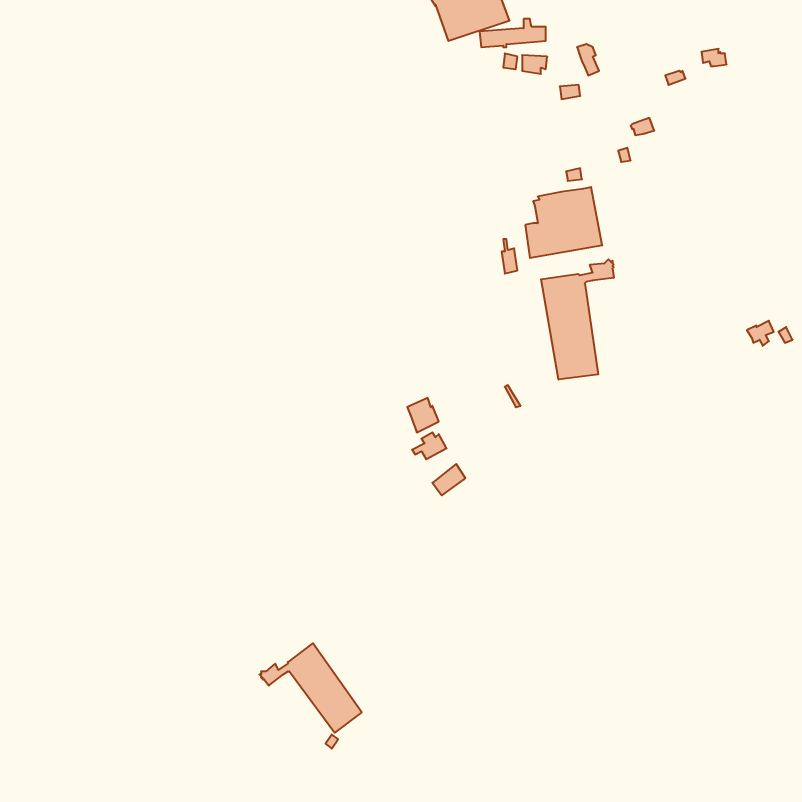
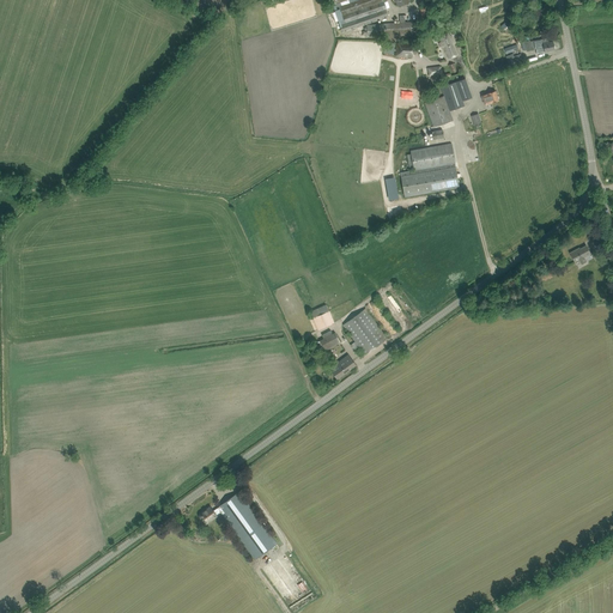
building: none -> [424,77,471,125]
building: [541,259,614,380] -> none
building: none -> [342,308,387,353]

